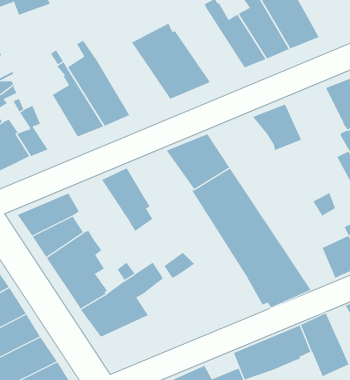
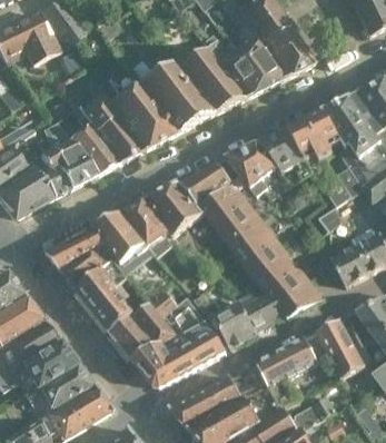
building: none -> [178,46,245,112]
building: none -> [108,81,178,149]
building: none -> [41,121,95,187]
building: none -> [286,109,340,159]
building: none -> [225,141,277,194]
building: none -> [143,179,207,236]
building: none -> [91,211,154,276]
building: none -> [208,292,279,348]
building: none -> [131,298,226,387]

